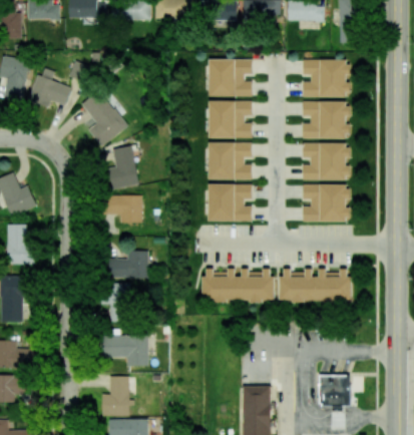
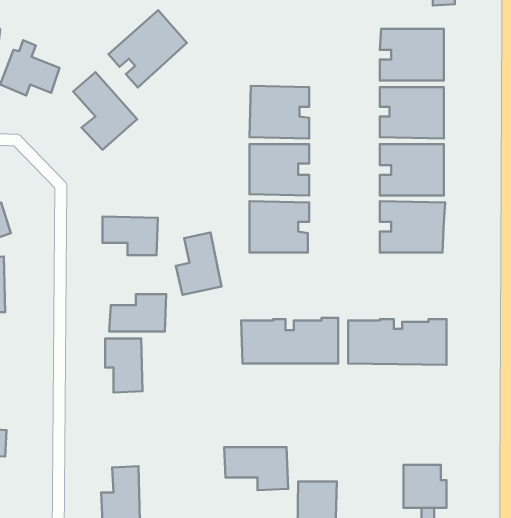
building: none -> [108,10,187,88]
building: [209,59,253,96] -> none
building: [106,144,139,189] -> [176,232,221,295]
building: [102,335,148,366] -> [224,447,288,490]

